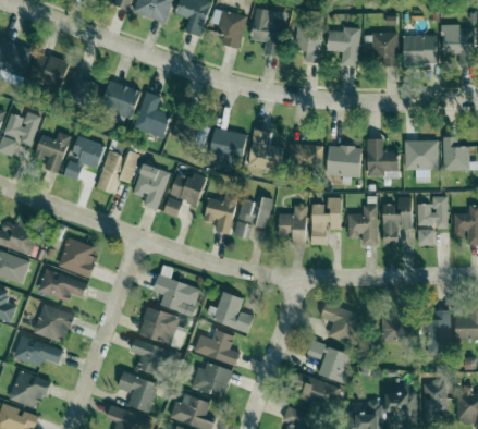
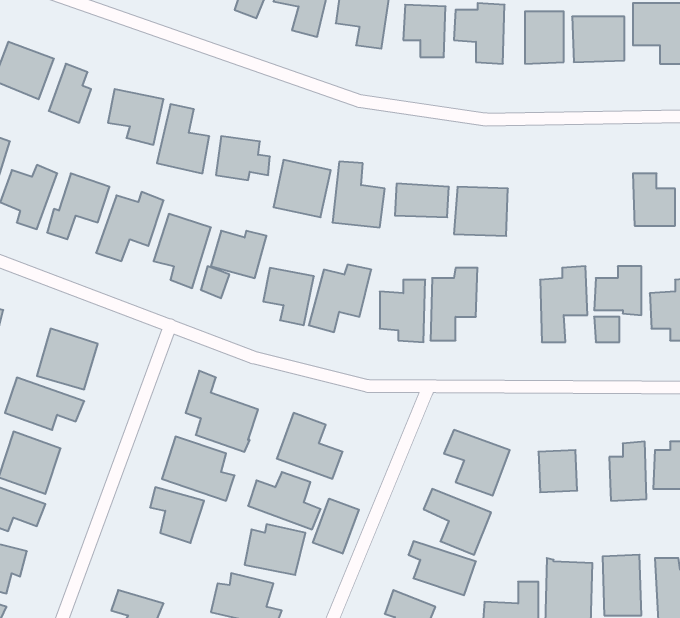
building: [367,138,399,176] -> none
building: [404,139,439,183] -> none
building: [347,205,377,245] -> none
building: none -> [313,499,359,554]
building: [118,371,158,412] -> none

